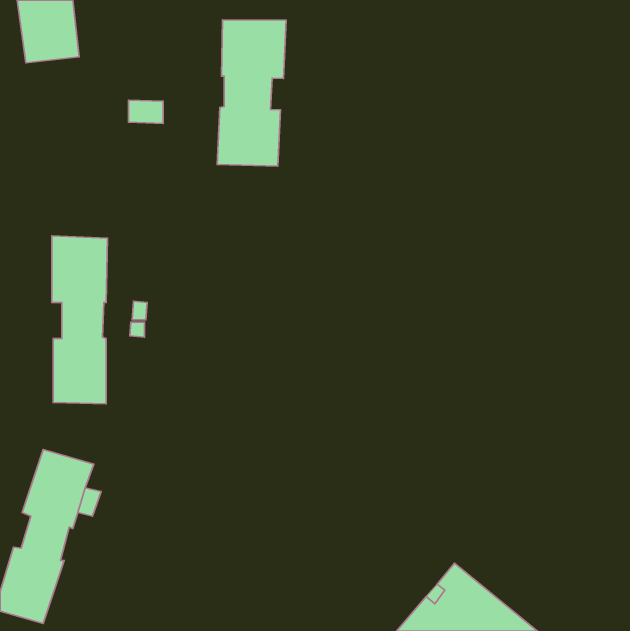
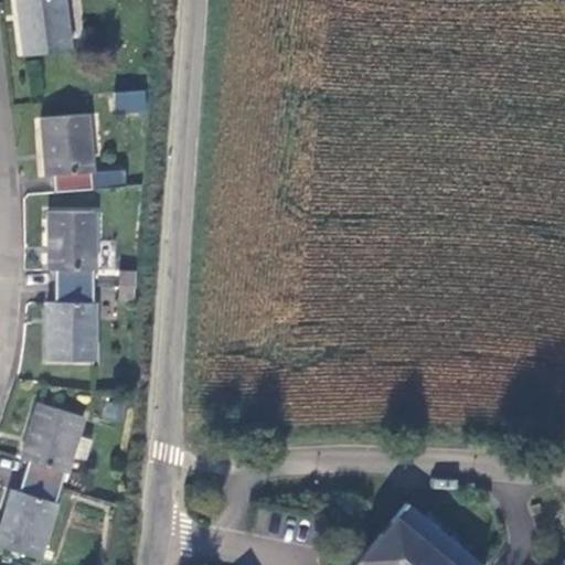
building: [217,20,286,166] -> none
building: none -> [41,113,95,192]

